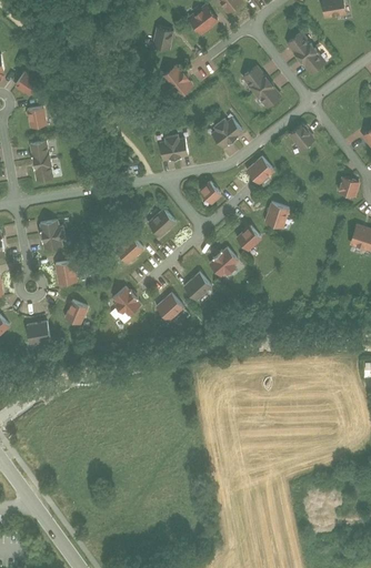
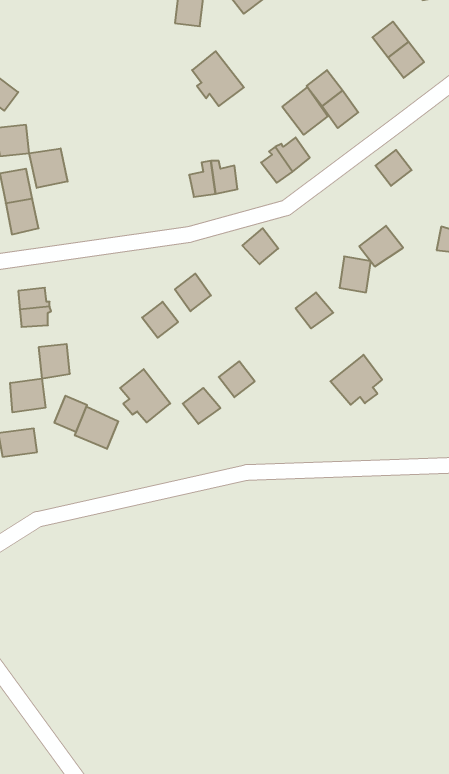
building: none -> [282,87,328,135]
building: none -> [29,148,68,188]
building: [247,156,278,185] -> [359,226,403,266]
building: [207,242,243,277] -> [330,355,382,405]
building: none -> [10,379,45,412]
building: none -> [75,406,118,449]

